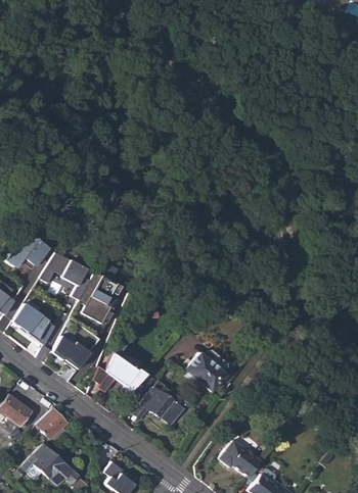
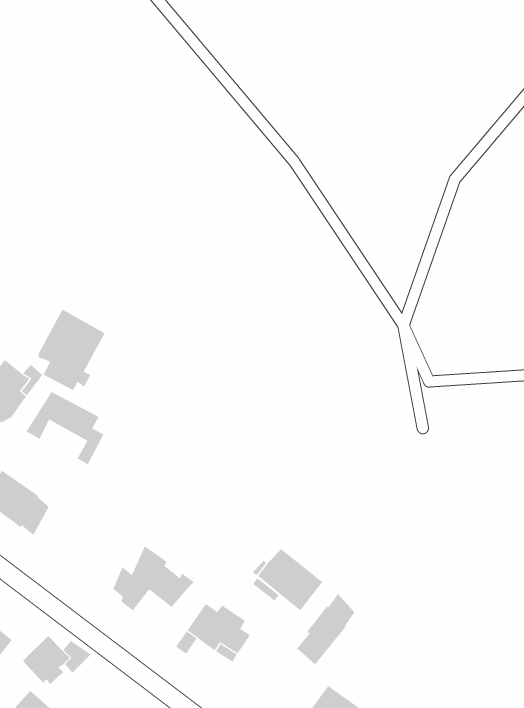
building: [80,272,123,324] -> [38,309,105,391]
building: [52,336,91,371] -> none
building: none -> [296,593,355,665]

